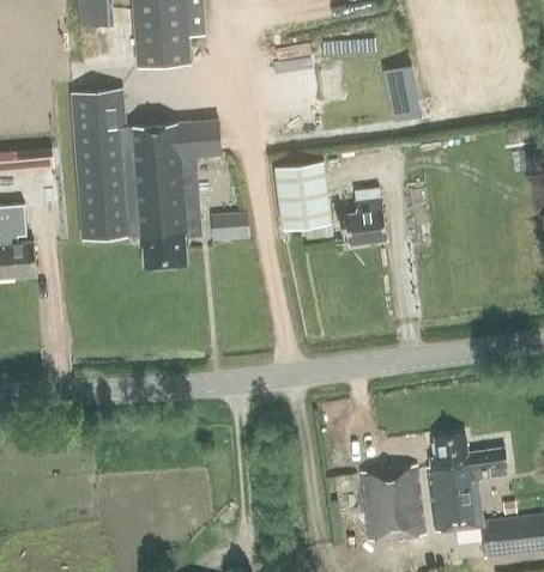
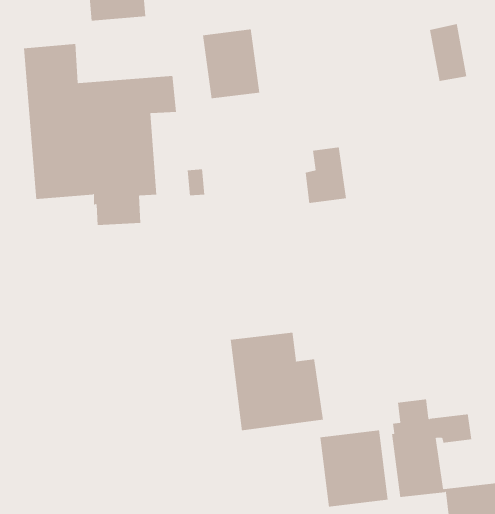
building: [383,65,421,121] -> [429,24,467,81]
building: [274,160,331,229] -> [202,29,260,99]
building: none -> [230,332,323,431]

